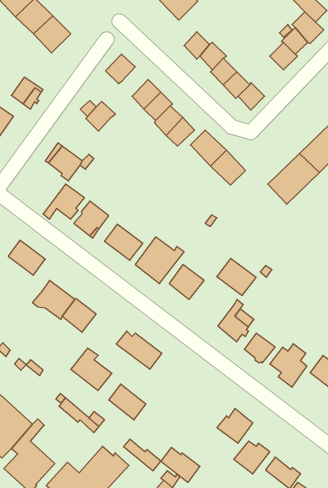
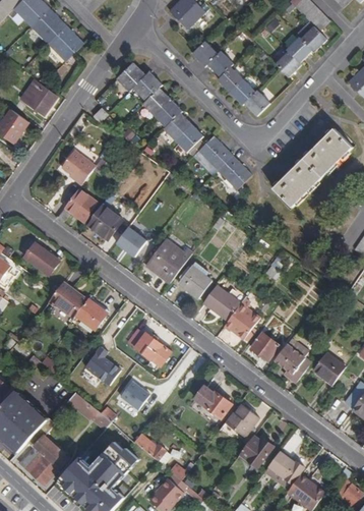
building: [86,101,115,131] -> [133,71,162,100]
building: [217,258,256,295] -> [203,284,241,320]
building: [161,447,200,482] -> [194,385,232,418]

